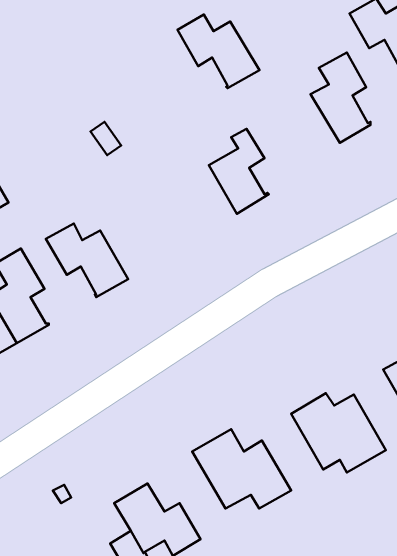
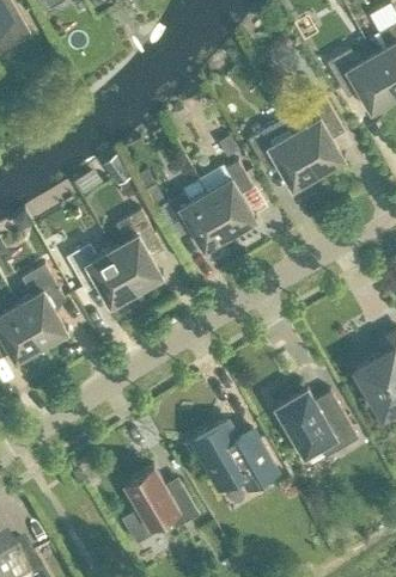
building: [177,15,260,88] -> [248,127,318,190]
building: none -> [162,192,230,251]
building: none -> [112,210,164,291]

